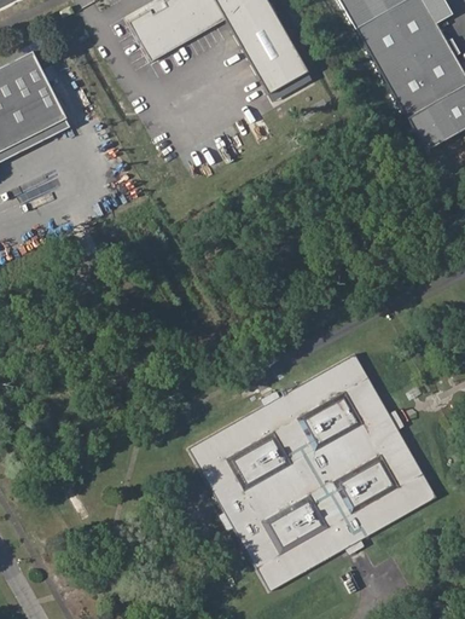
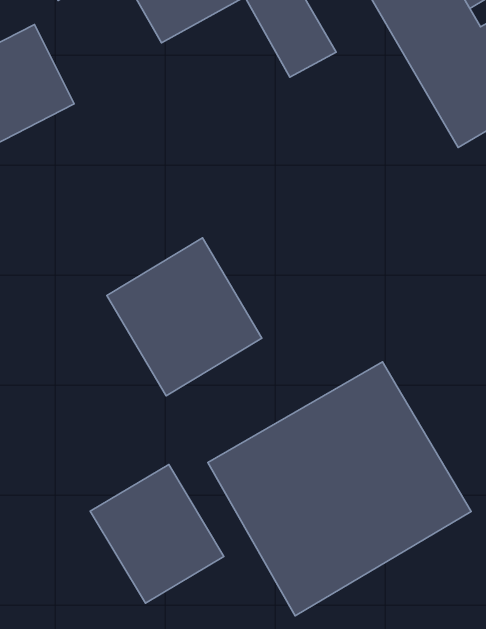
building: none -> [107,238,262,396]
building: none -> [90,465,224,603]

